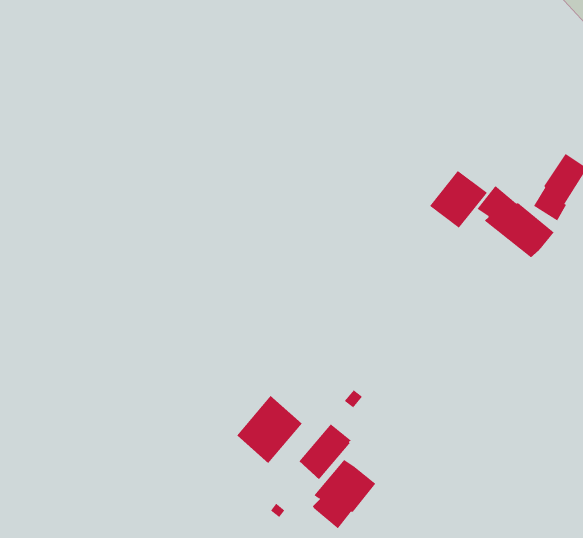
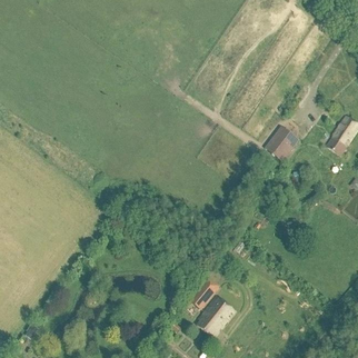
building: [477,185,555,258] -> none
building: [236,395,302,464] -> none

